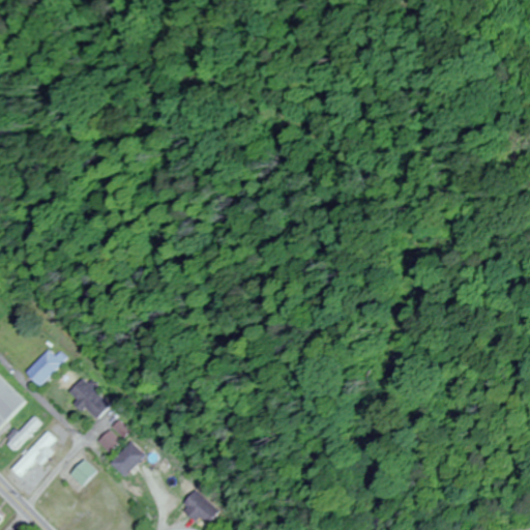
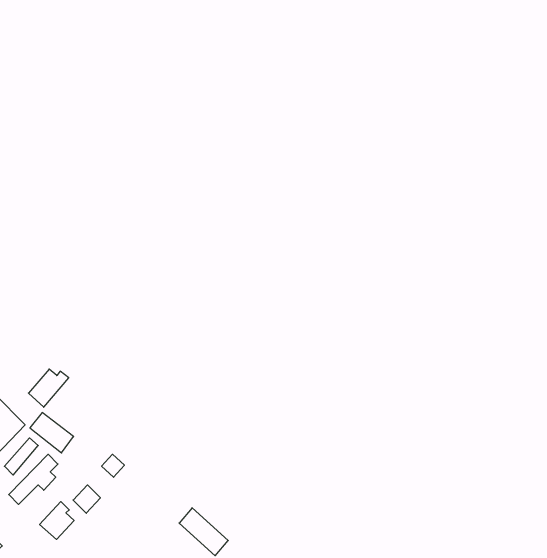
building: [67,380,109,418] -> [30,413,74,453]
building: [110,441,145,477] -> none
building: none -> [40,502,74,539]

